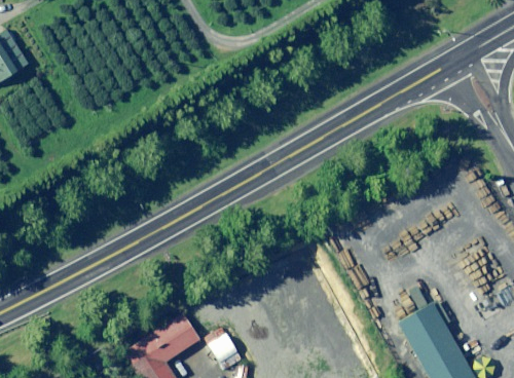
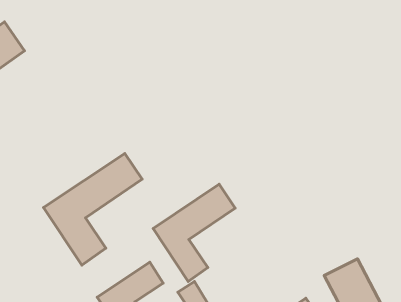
building: none -> [44,153,142,265]
building: none -> [153,184,235,281]

